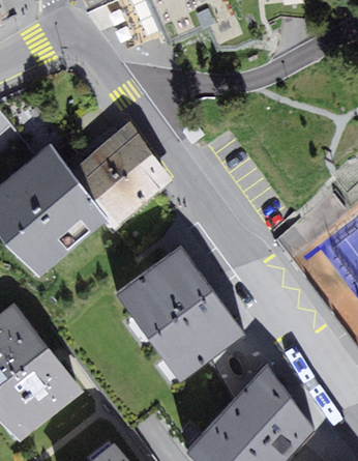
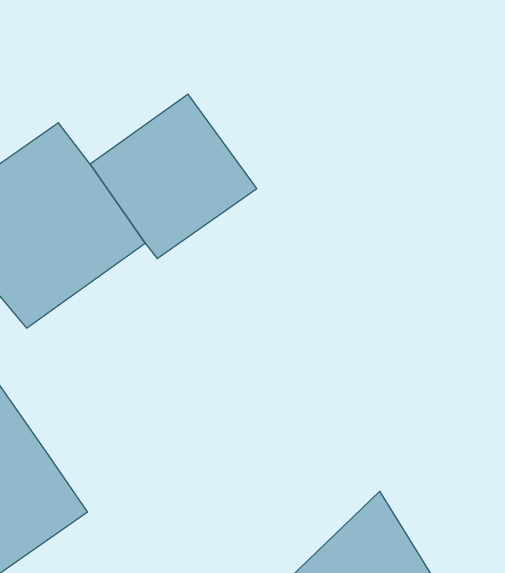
building: [116,246,244,380] -> none

